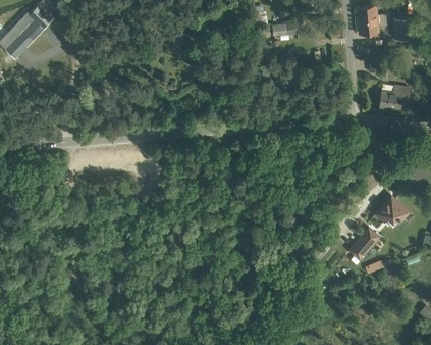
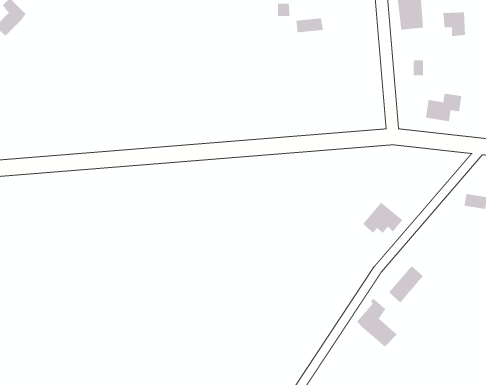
building: [375,195,409,221] -> [362,202,403,234]
building: none -> [356,297,398,348]

